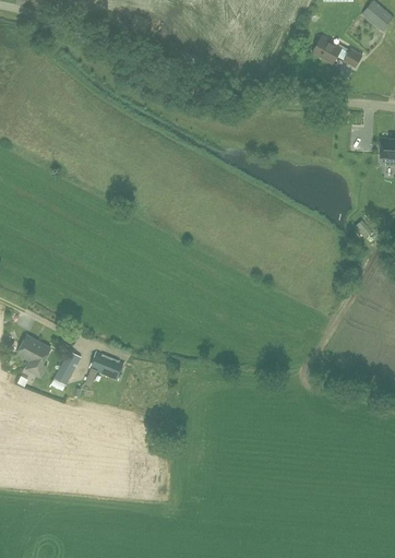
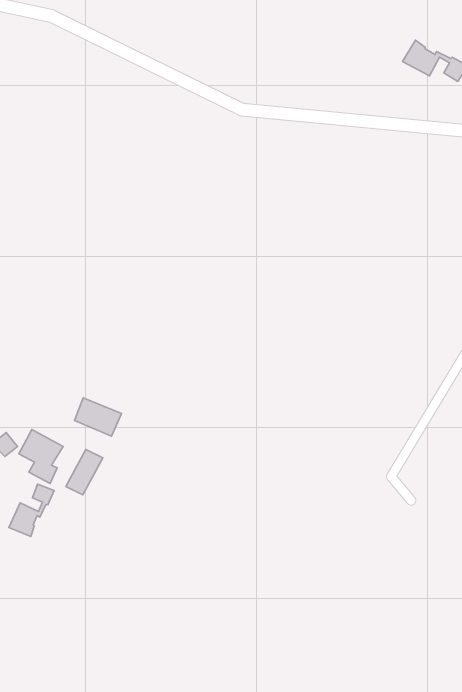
building: [88,349,124,379] -> [75,398,121,436]
building: none -> [9,484,54,536]

